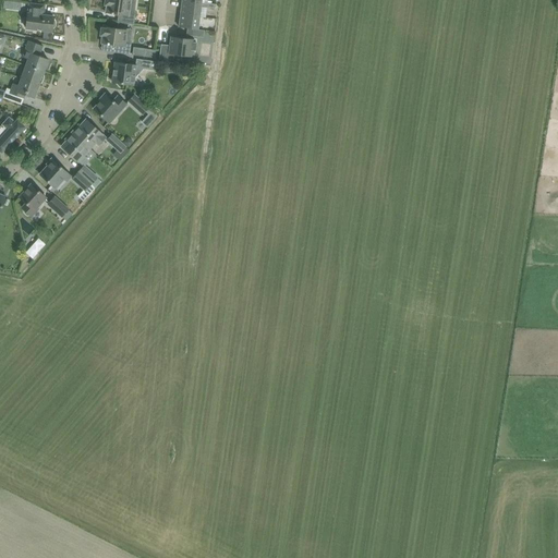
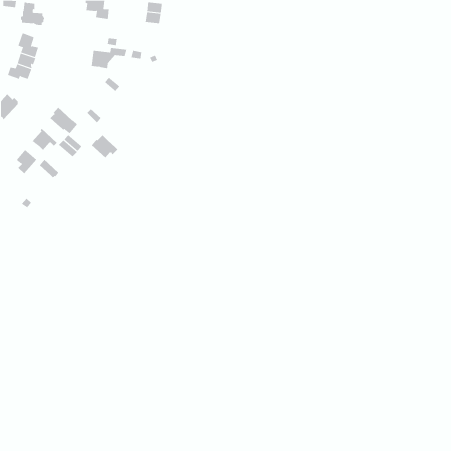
building: [100,26,131,54] -> none
building: [159,37,196,60] -> none
building: [93,95,126,121] -> none
building: [72,119,106,148] -> [91,134,118,158]

